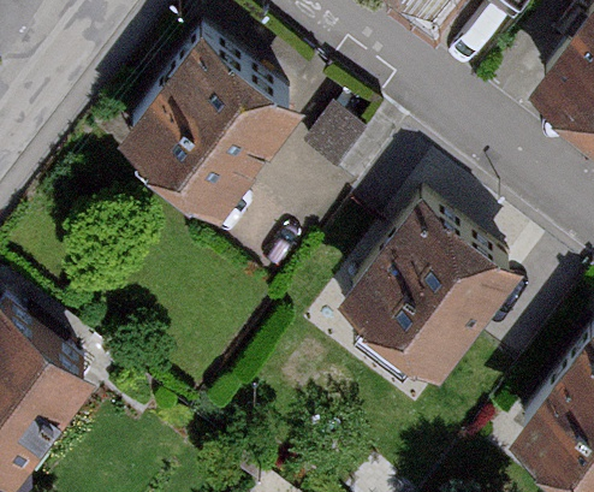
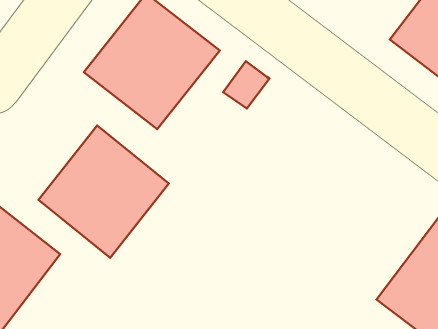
building: [338,196,525,384] -> none
building: none -> [38,126,169,258]

